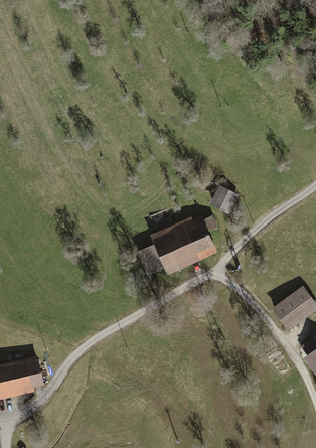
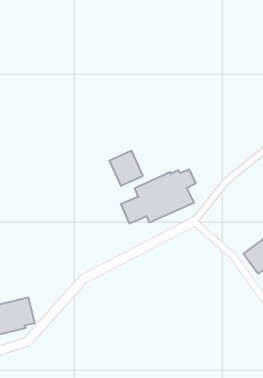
building: [210,185,238,212] -> none
building: none -> [110,151,143,186]

